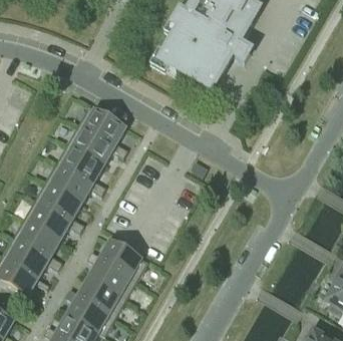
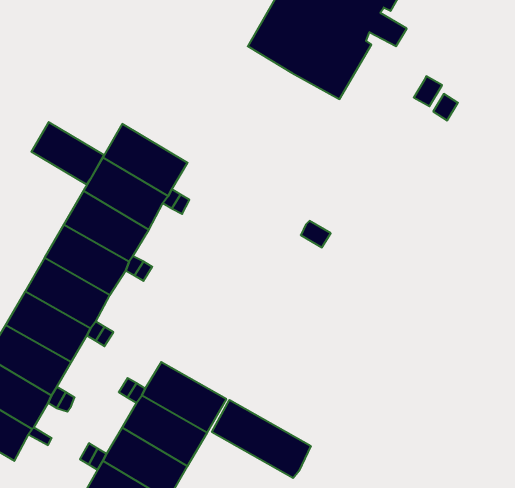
building: none -> [31,122,104,185]
building: none -> [212,400,311,478]

